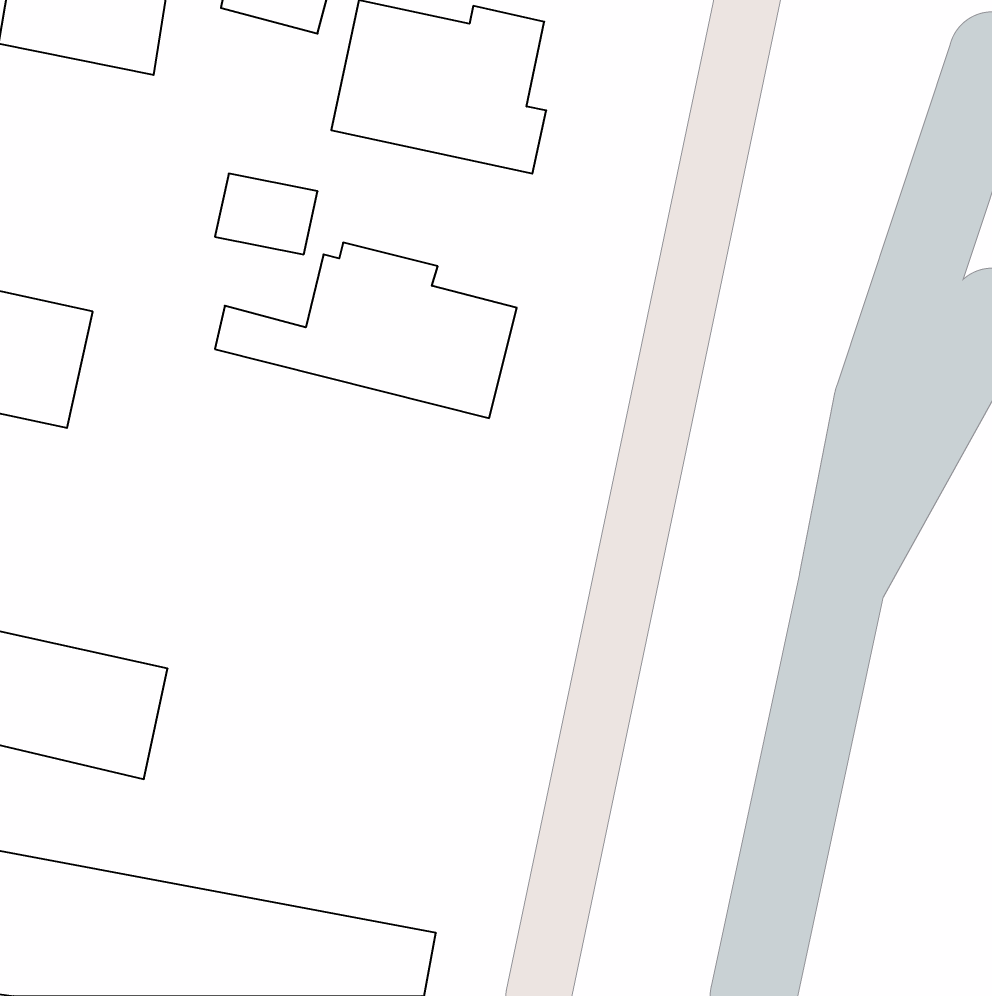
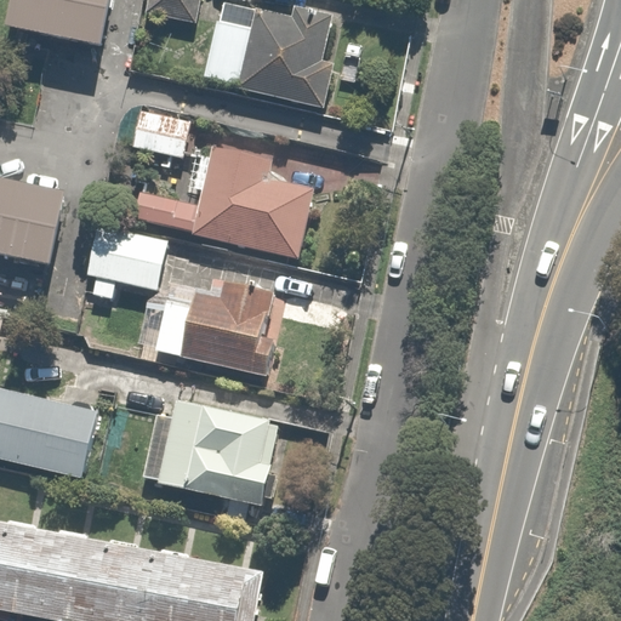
building: none -> [84,224,171,290]
building: none -> [129,283,284,375]
building: none -> [141,401,283,507]

